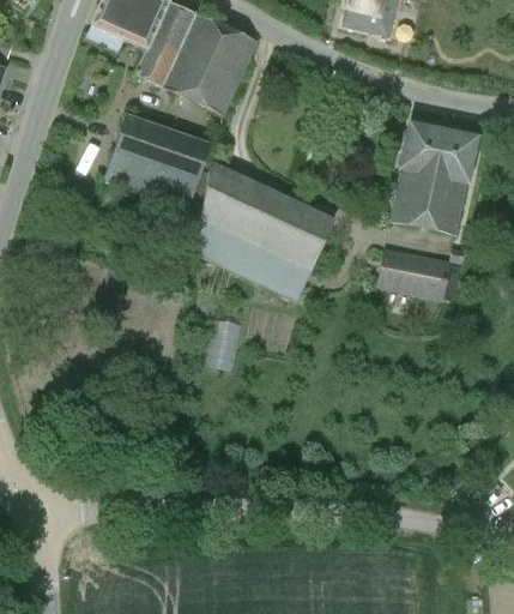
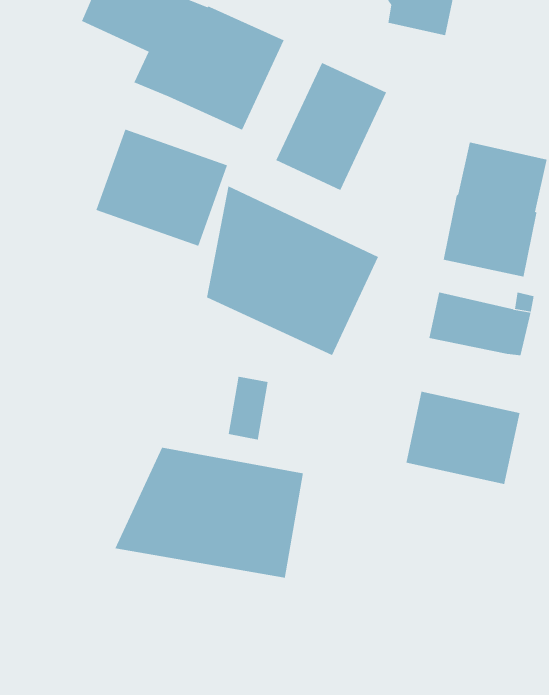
building: none -> [275,62,387,191]
building: none -> [406,391,520,485]
building: none -> [115,447,304,579]

